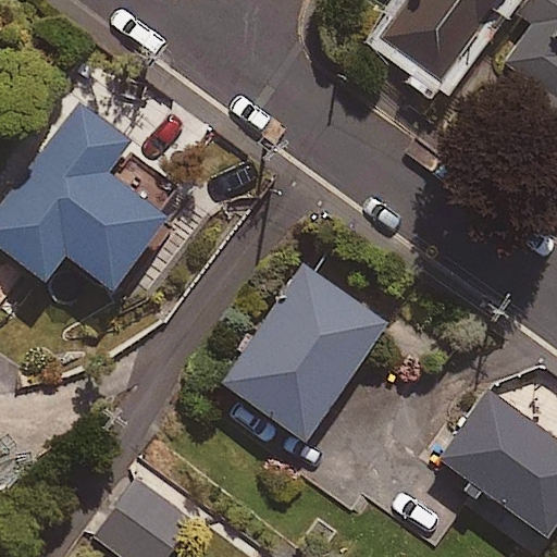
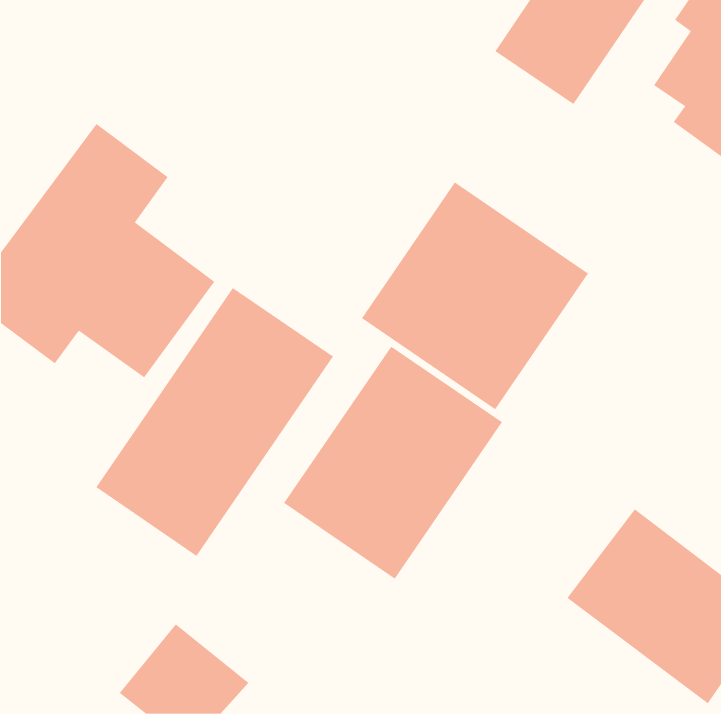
building: none -> [361,181,589,410]
building: none -> [96,287,334,557]

